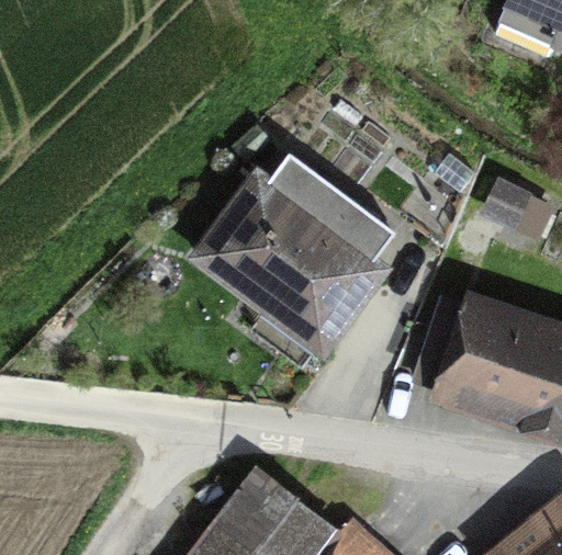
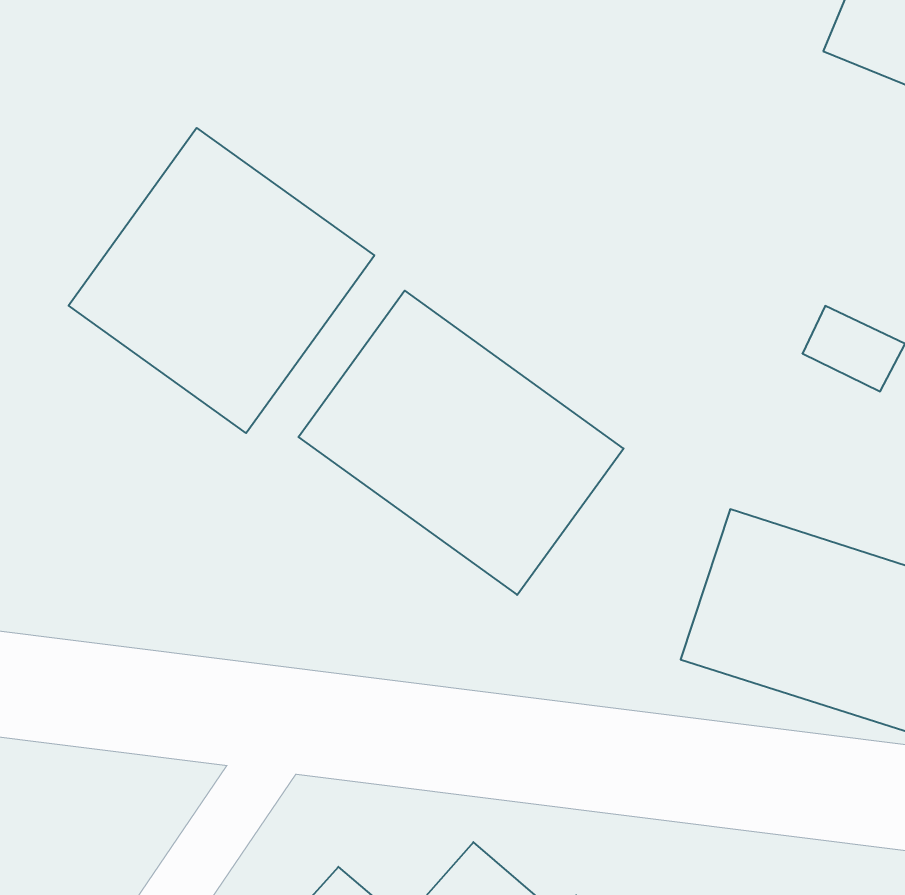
building: none -> [69,128,374,433]

